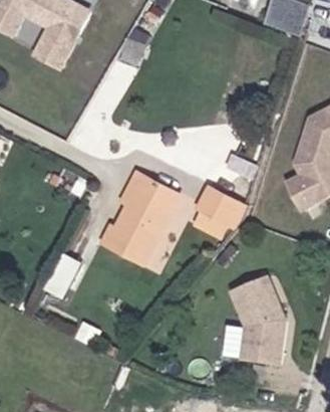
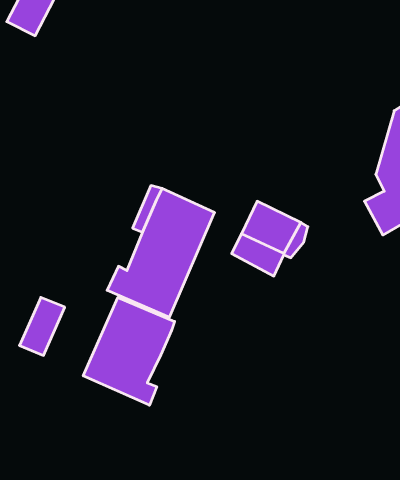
building: none -> [83,297,175,405]
building: [227,277,282,363] -> none

